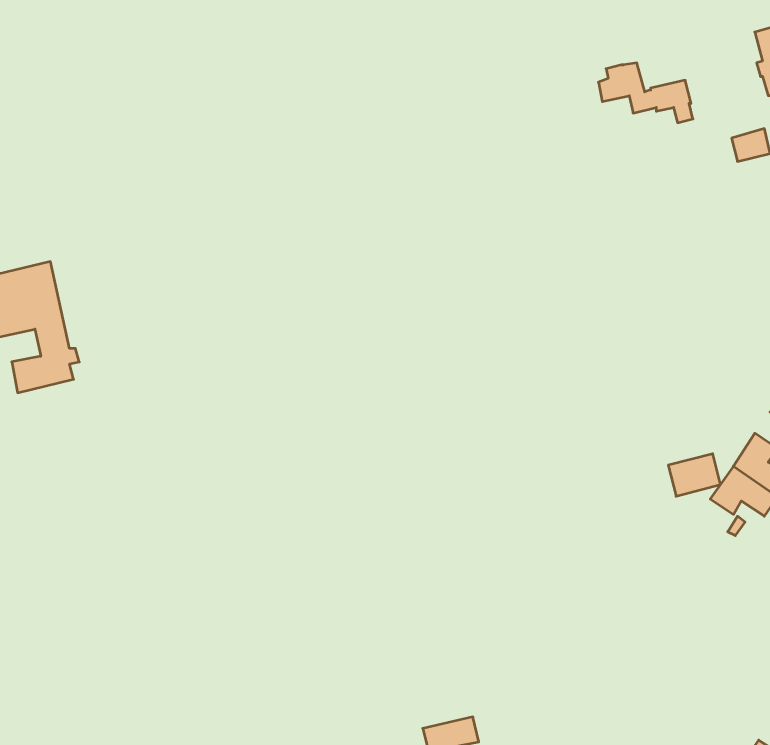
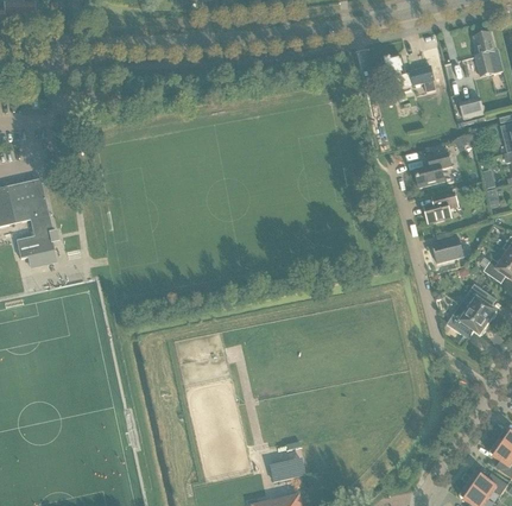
building: none -> [415,152,451,188]
building: none -> [424,192,459,223]
building: [668,454,720,496] -> [432,238,464,264]

